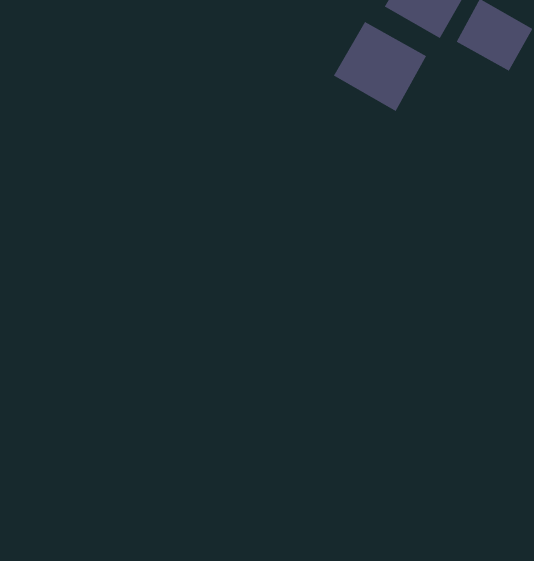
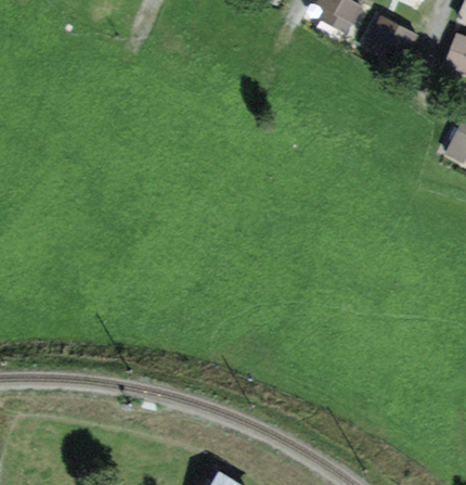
building: [333,21,427,112] -> none

